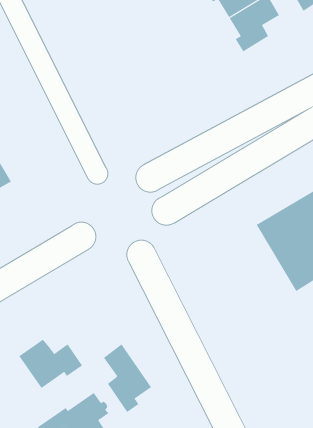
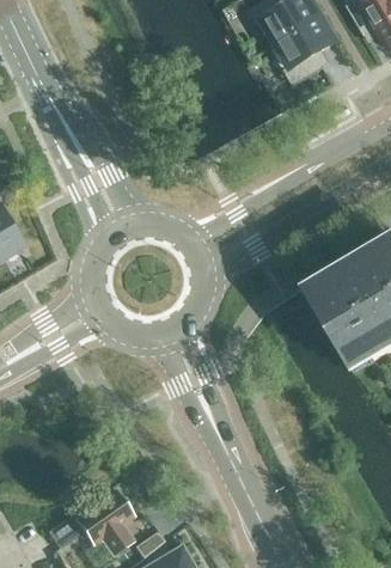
building: [19,339,83,389] -> none
building: [103,344,152,413] -> none

